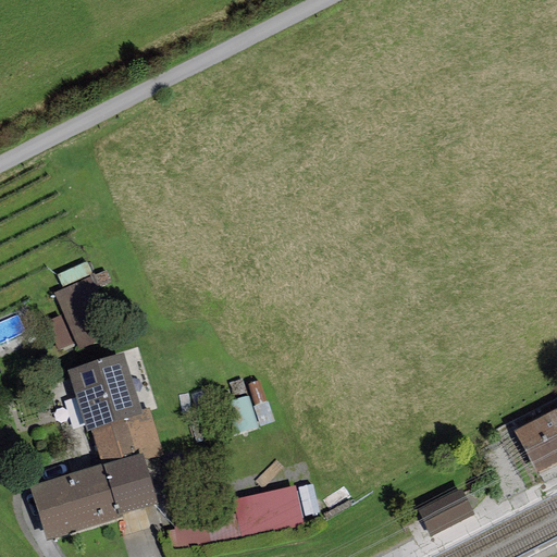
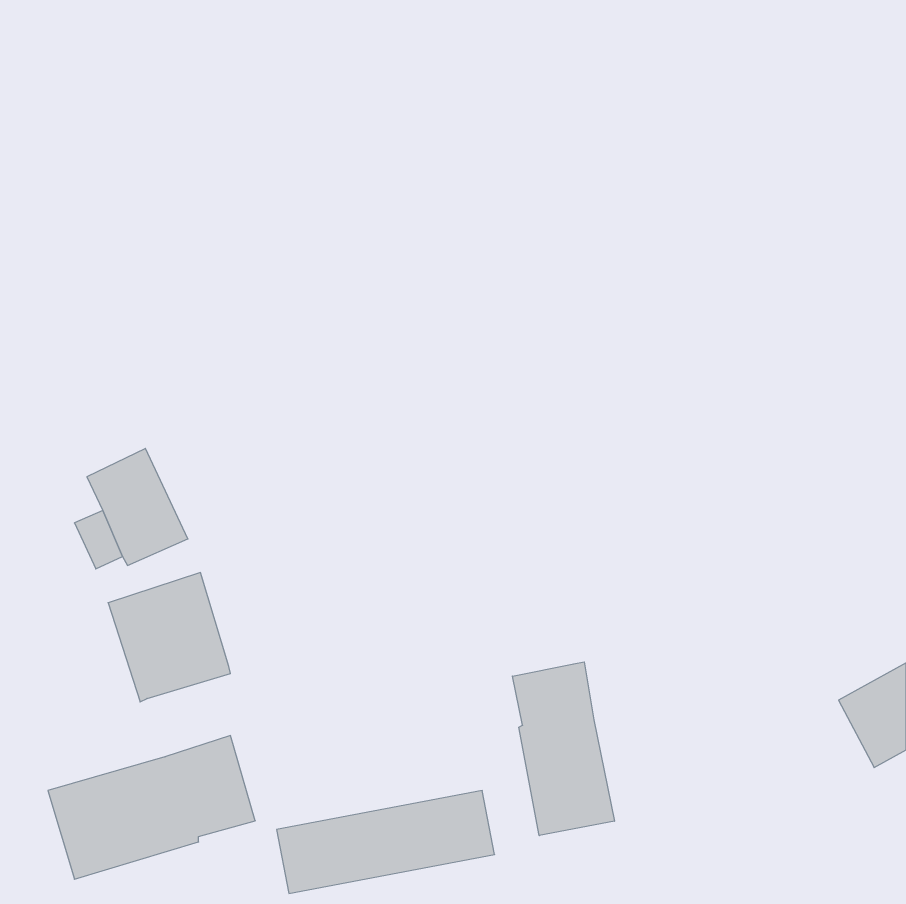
building: none -> [512,662,614,836]
building: [90,407,162,465] -> none
building: [417,487,474,536] -> none

